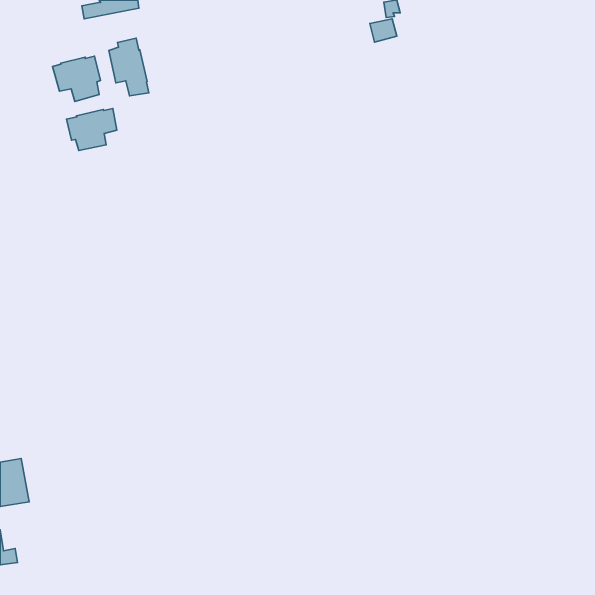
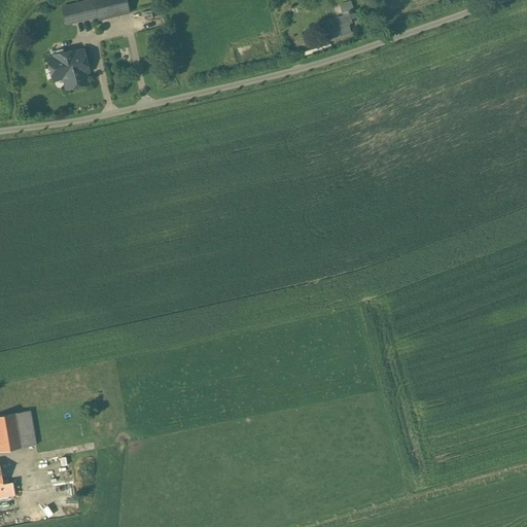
building: [109,38,149,96] -> none
building: [67,109,117,150] -> none

